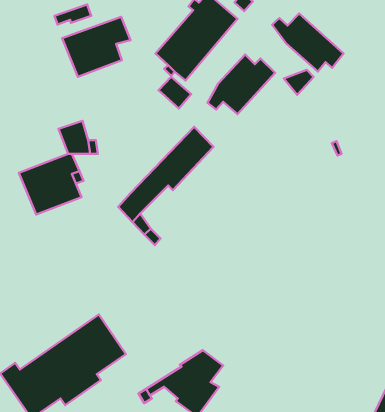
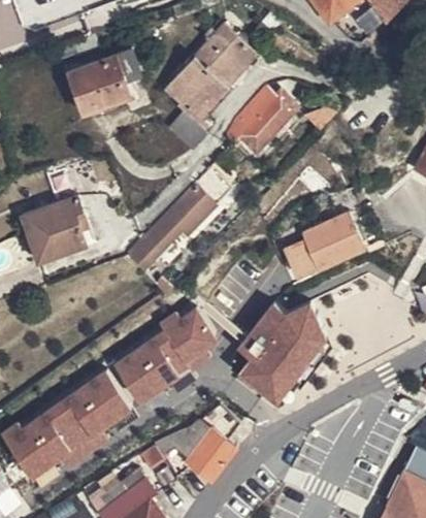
building: [272,13,343,72] -> none
building: none -> [284,215,365,280]
building: none -> [234,300,326,402]
building: none -> [114,303,222,411]

